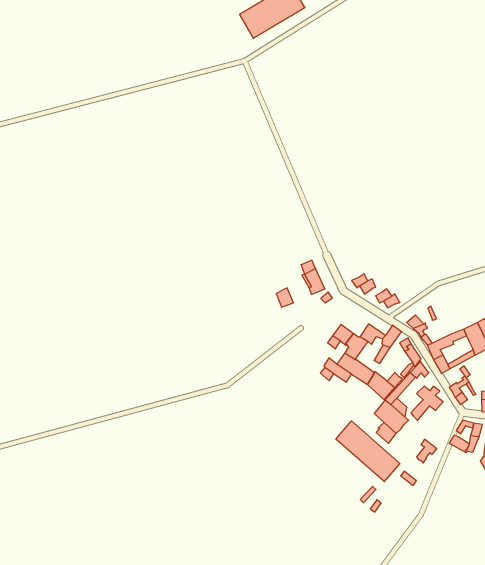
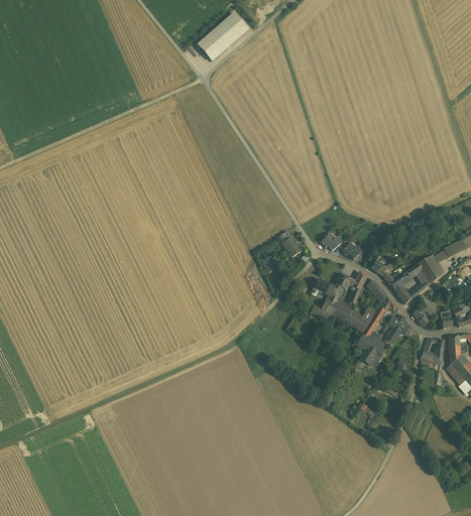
building: [336,421,400,482] -> none

